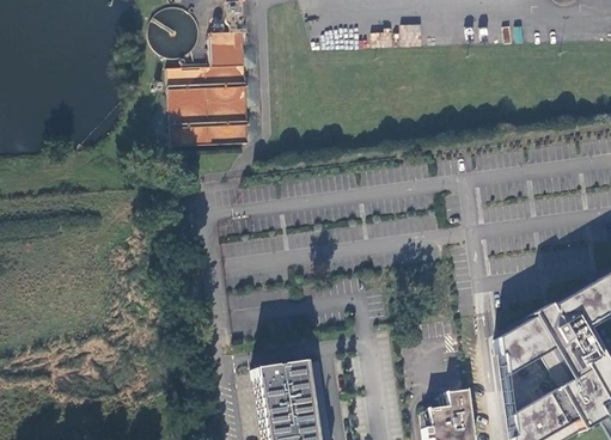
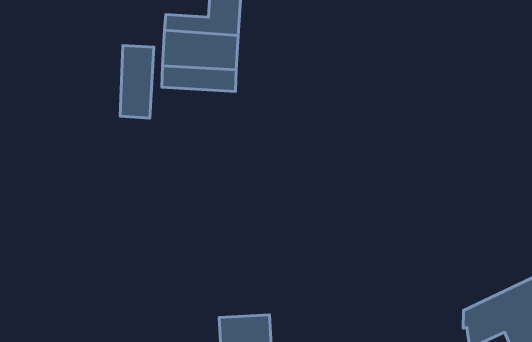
building: none -> [120,45,154,118]

